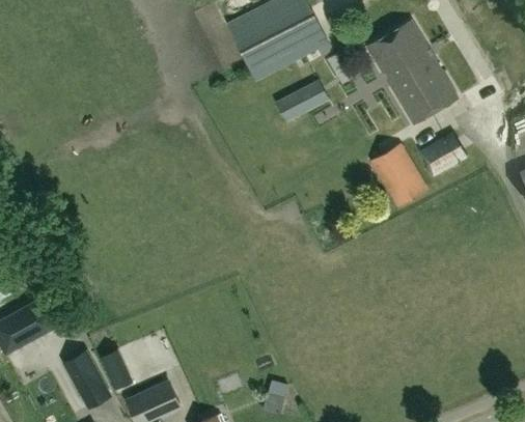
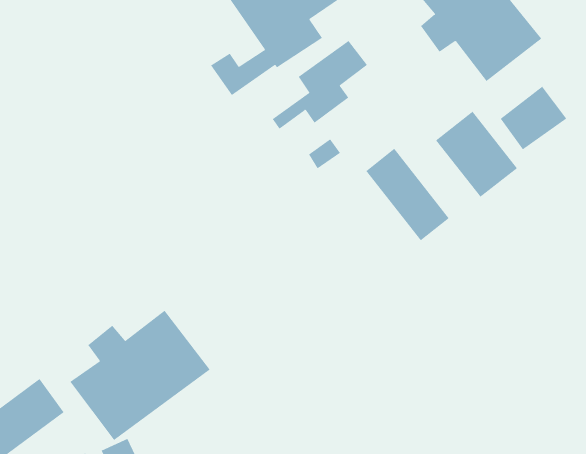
building: none -> [366,148,449,241]
building: none -> [70,310,210,441]

